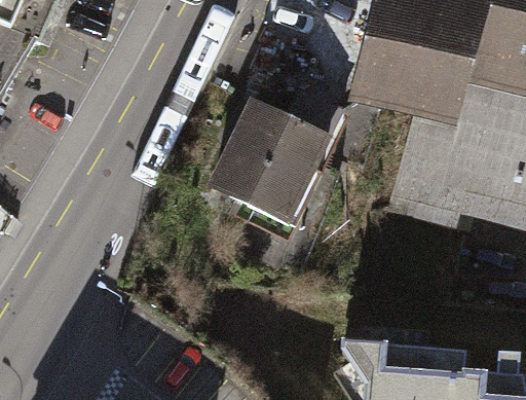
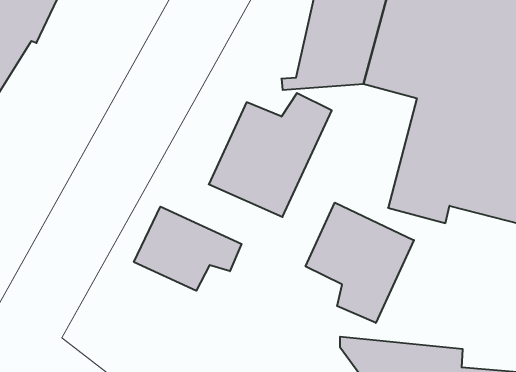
building: none -> [306,203,414,323]
building: none -> [134,207,242,291]

